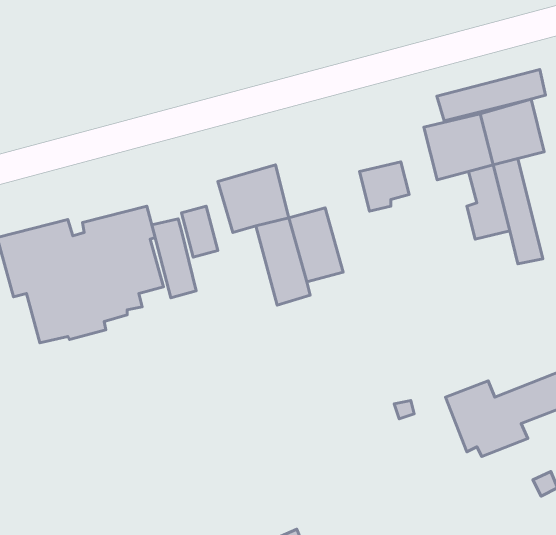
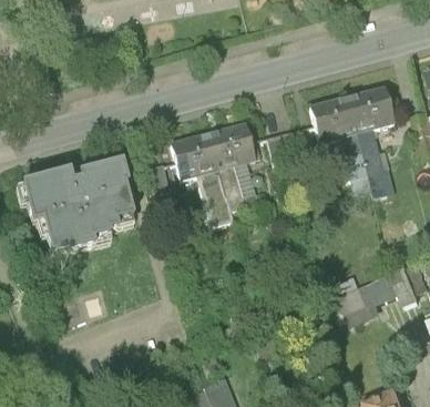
building: [437,70,545,121] -> none
building: none -> [209,121,255,166]
building: [152,219,196,298] -> none

